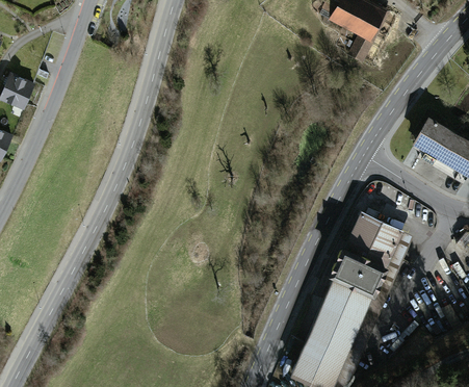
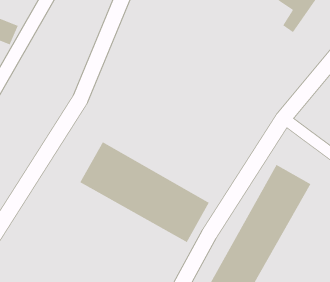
building: none -> [79,141,210,243]

